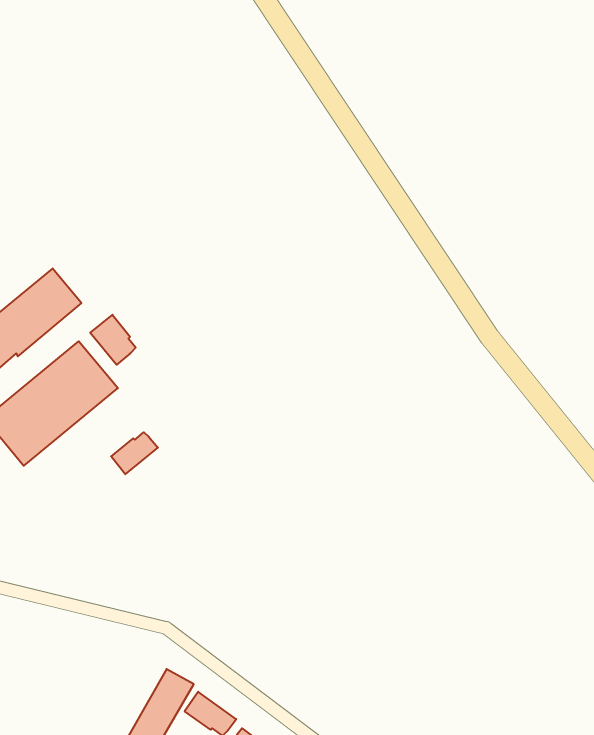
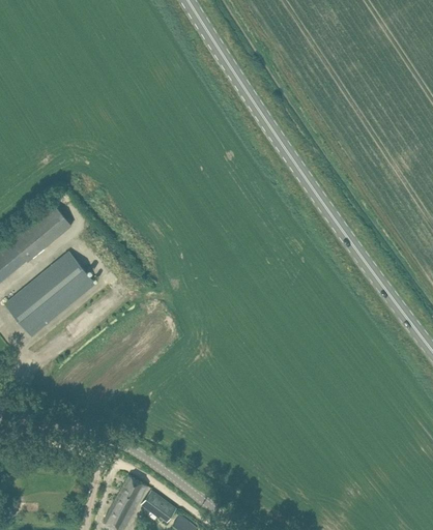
building: [90,315,136,365] -> none
building: [111,432,158,474] -> none

